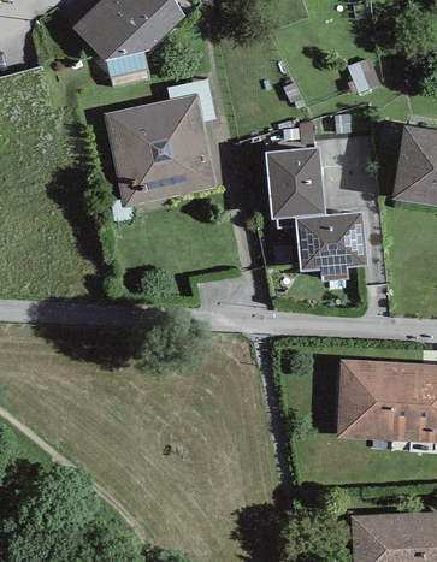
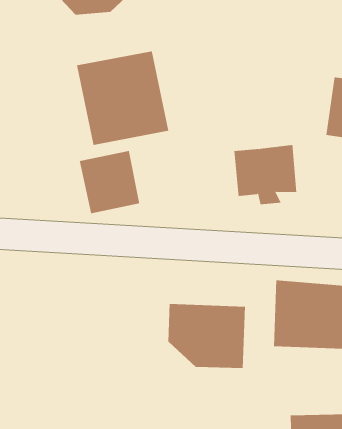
building: [260,142,320,213] -> none
building: none -> [79,150,140,214]
building: none -> [168,303,245,369]

